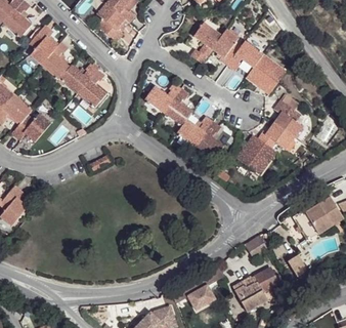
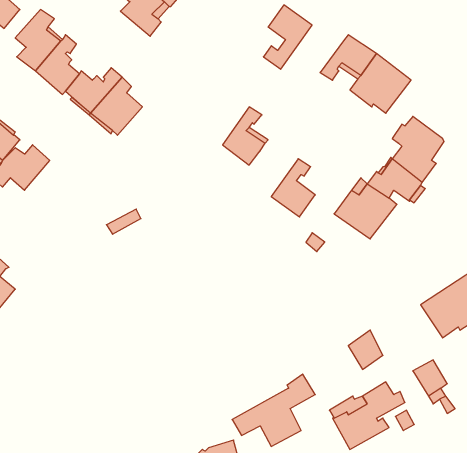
building: [211,29,242,66] -> none
building: [144,82,180,113] -> none
building: [176,116,212,147] -> none

